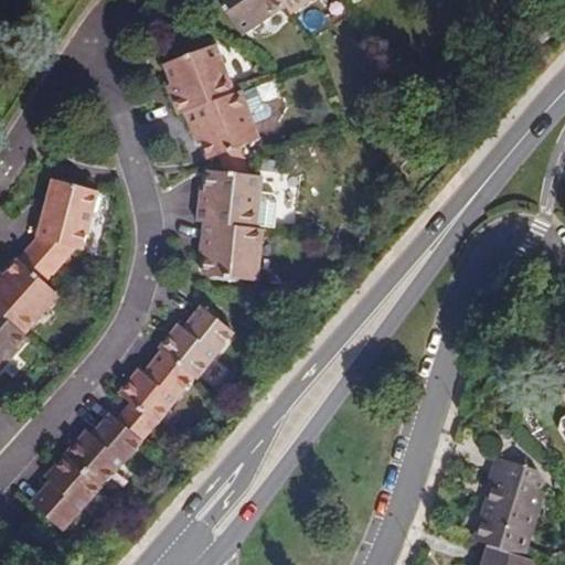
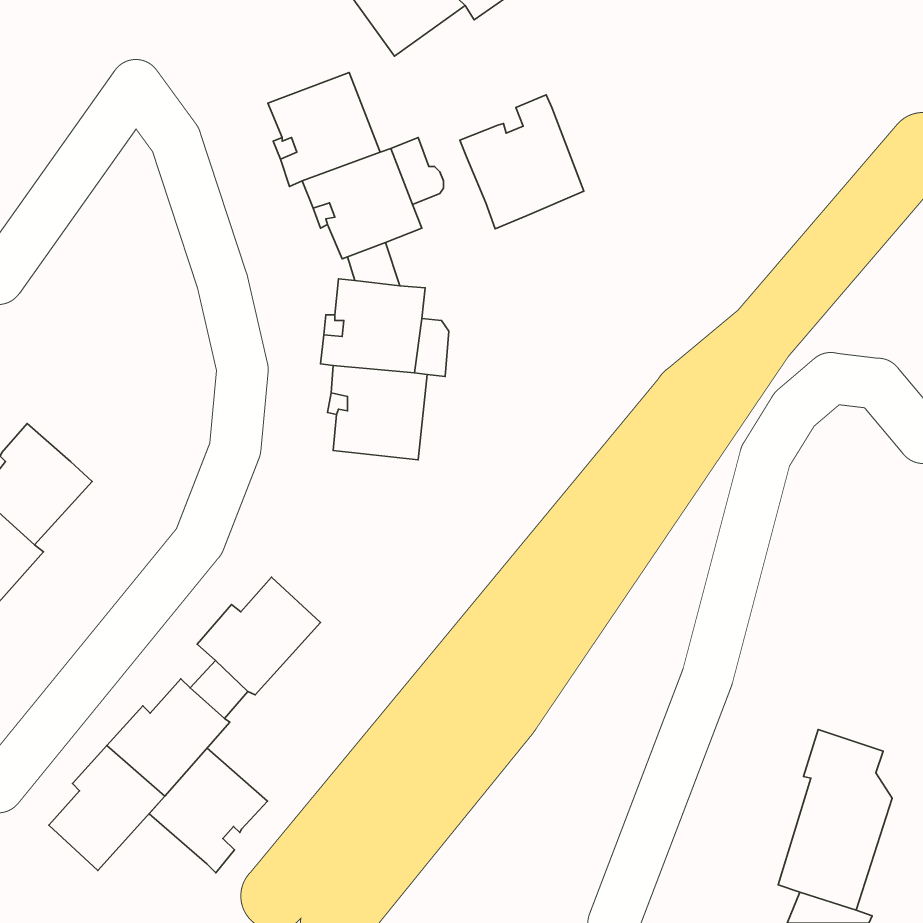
building: none -> [460,95,584,229]
building: [17,180,94,281] -> none
building: [160,308,235,380] -> none
building: none -> [149,748,268,873]

